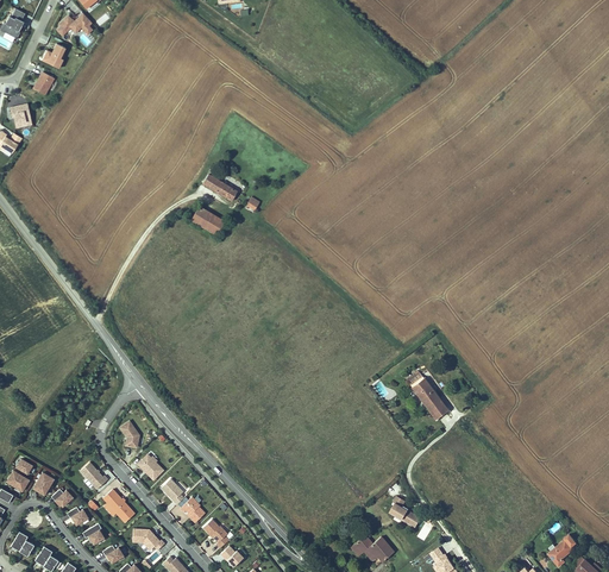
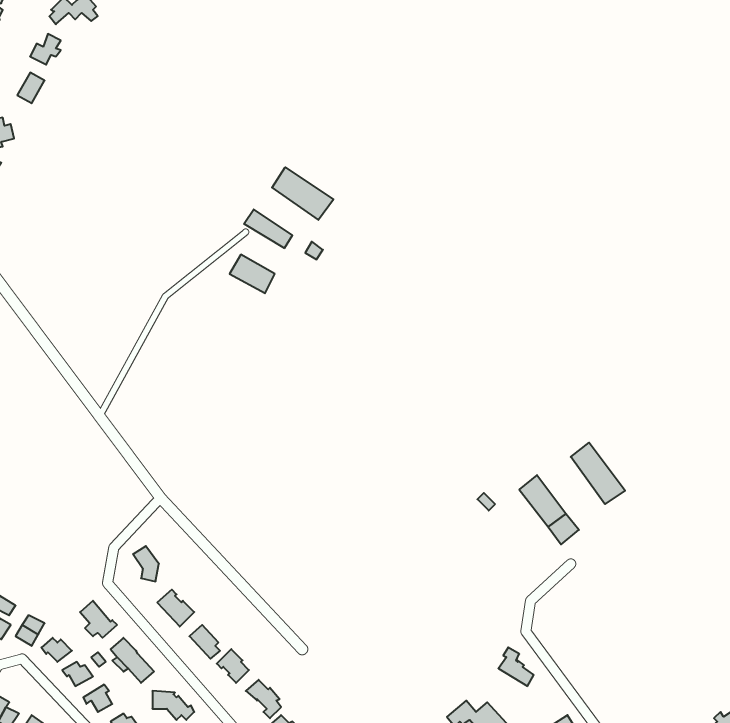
building: none -> [272,167,333,220]
building: none -> [571,443,625,504]

